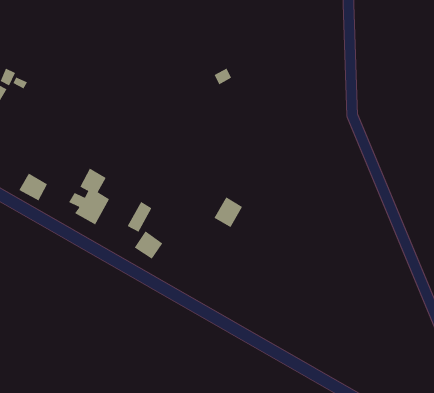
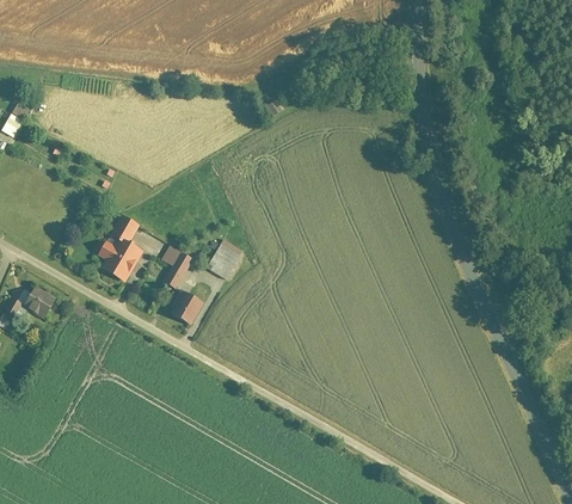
building: [19,173,48,201] -> [23,284,57,318]
building: [214,197,243,228] -> [207,241,241,278]

